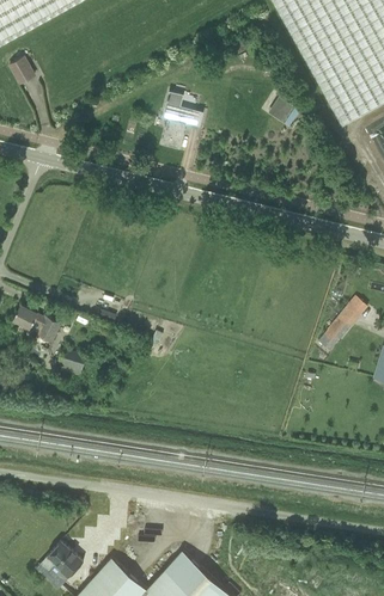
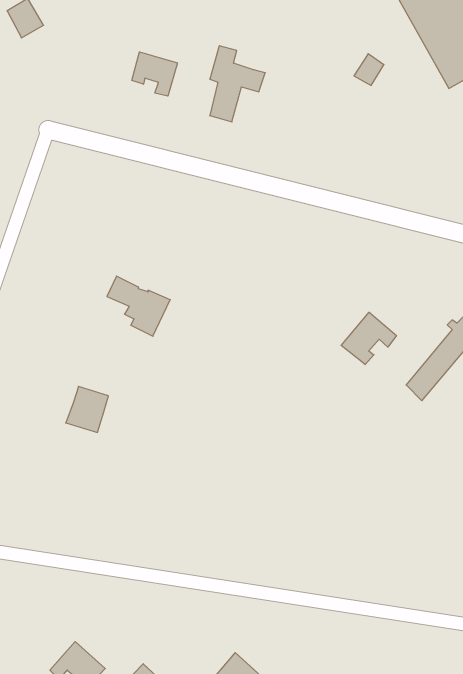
building: none -> [132,52,177,96]
building: none -> [341,312,396,365]
building: [12,303,60,349] -> [107,276,170,336]

